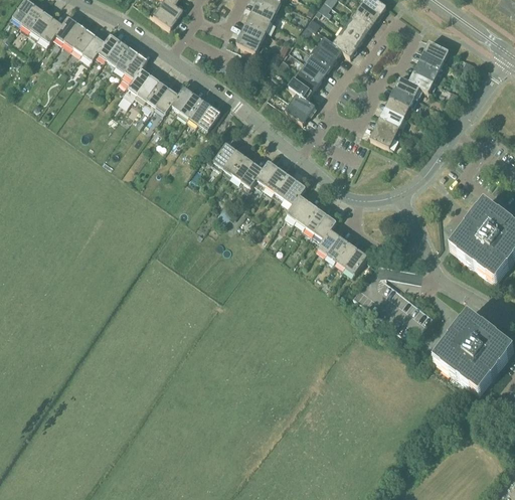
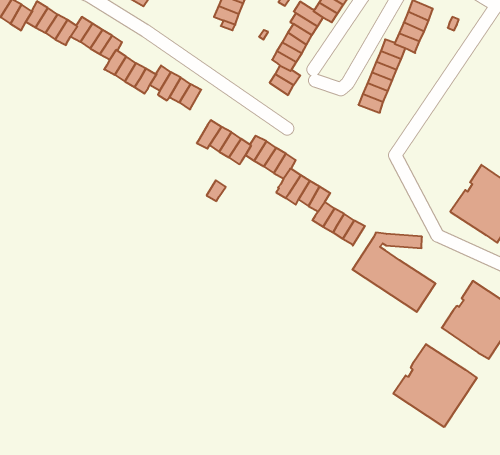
building: none -> [393,344,477,427]

